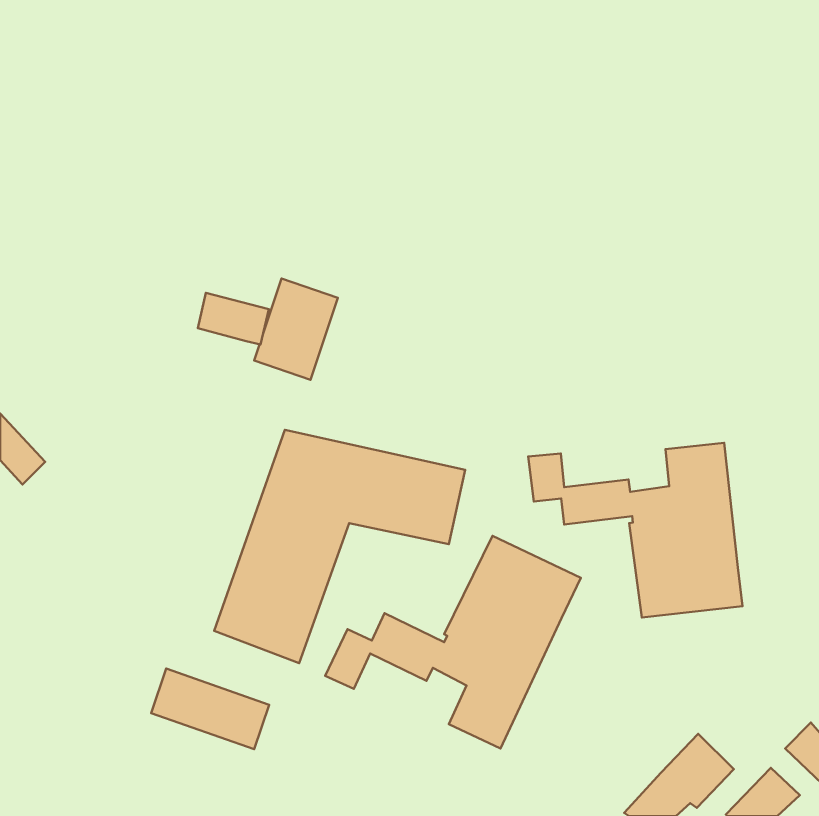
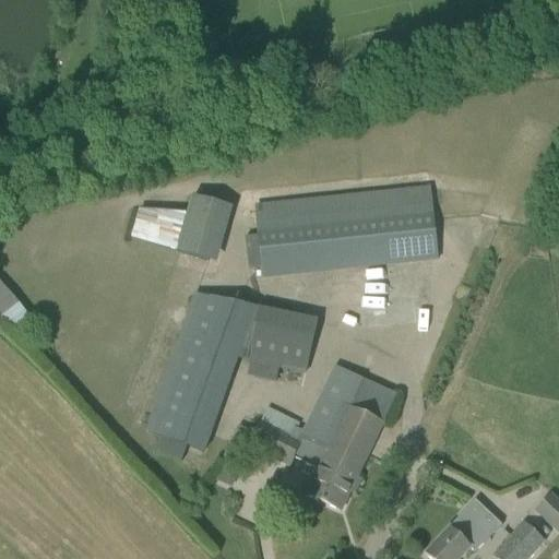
building: none -> [255,190,438,275]
building: [528,443,742,618] -> none
building: [151,668,269,749] -> none

